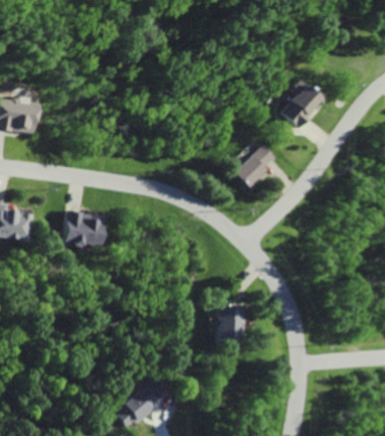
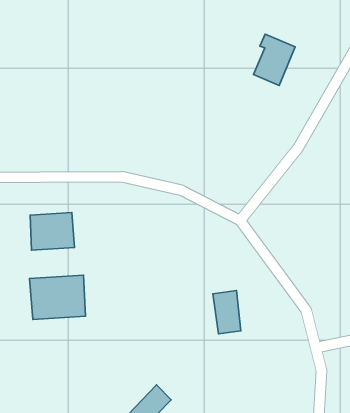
building: [234,143,278,186] -> none
building: none -> [30,275,85,319]

